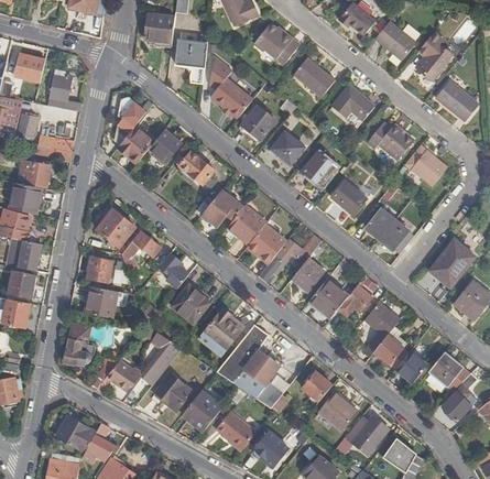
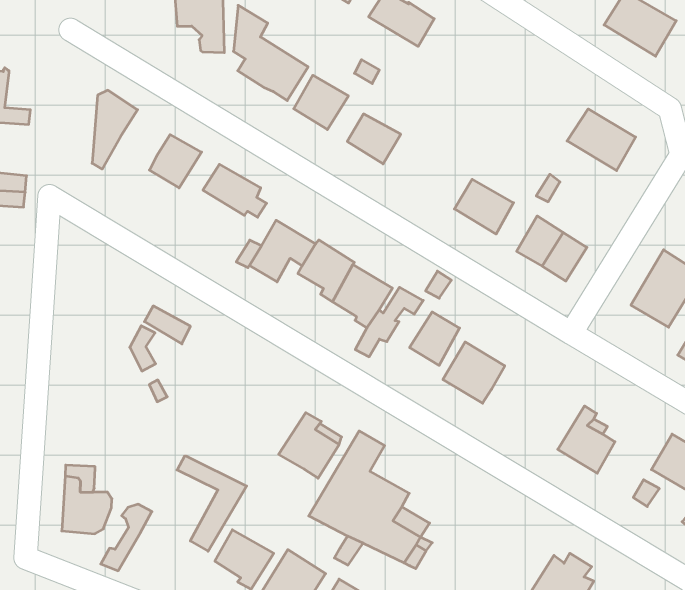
building: [331,84,374,120] -> none
building: [367,121,414,160] -> none
building: [118,126,154,162] -> none
building: [303,153,335,185] -> none
building: [97,209,135,247] -> none
building: [160,252,189,290] -> none
building: [87,257,112,282] -> none
building: [172,284,210,323] -> none
building: [338,285,372,314] -> none
building: [87,286,118,318] -> none
building: [363,302,400,356] -> none
building: [395,350,427,382] -> none
building: [97,363,140,392] -> none
building: [302,371,333,401] -> none
building: [319,392,357,428] -> none

